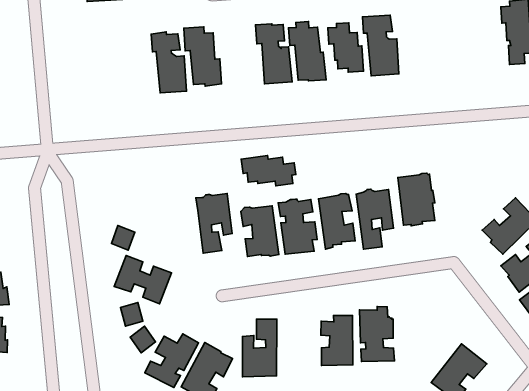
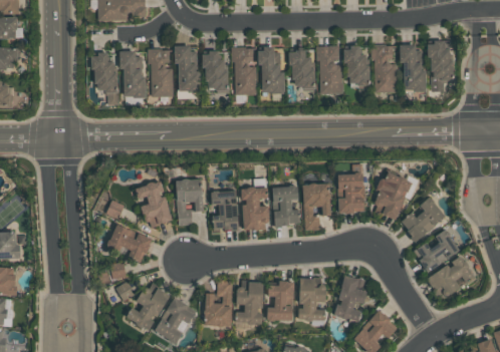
building: none -> [399,44,426,91]
building: none -> [370,44,397,92]
building: none -> [342,45,369,85]
building: none -> [201,50,229,90]
building: none -> [119,50,147,97]
building: none -> [91,52,118,104]
building: [241,156,296,186] -> none
building: none -> [370,171,411,220]
building: none -> [134,181,172,228]
building: none -> [333,275,367,321]
building: none -> [235,279,263,324]

